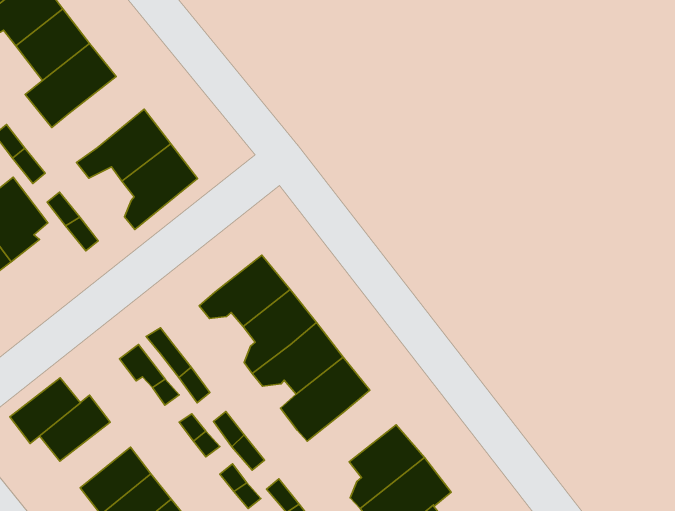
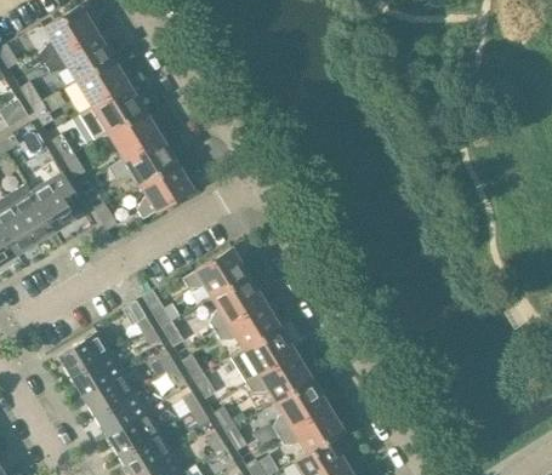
building: none -> [107,110,160,159]
building: [10,378,80,444] -> [70,353,121,396]
building: none -> [246,353,311,401]

